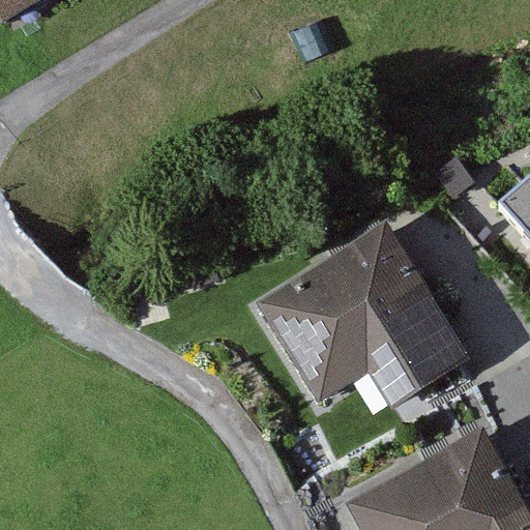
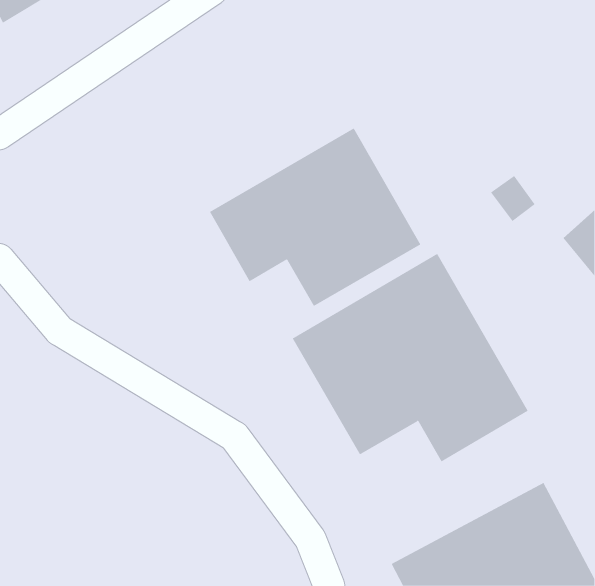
building: none -> [209,127,421,307]

